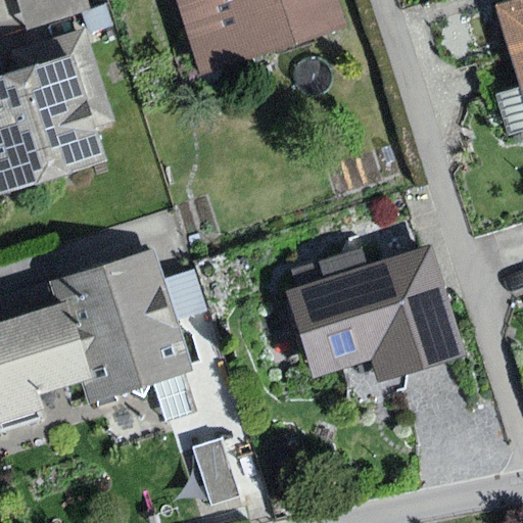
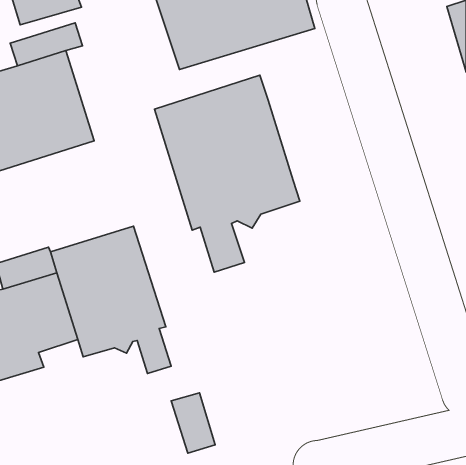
building: none -> [155,75,300,272]
building: [290,244,468,383] -> none

